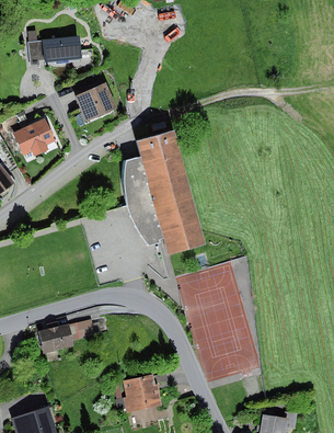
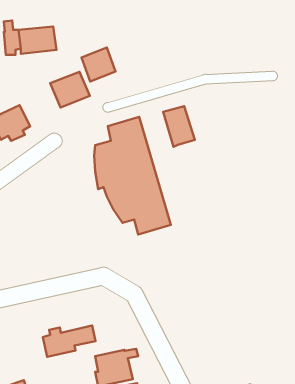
building: none -> [81,47,116,82]
building: none -> [163,106,195,147]
building: [39,319,94,352] -> [43,325,95,357]

